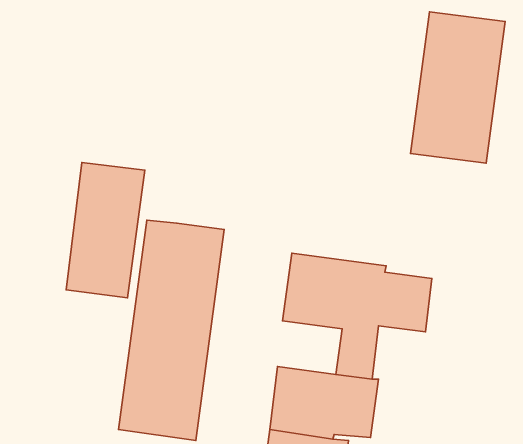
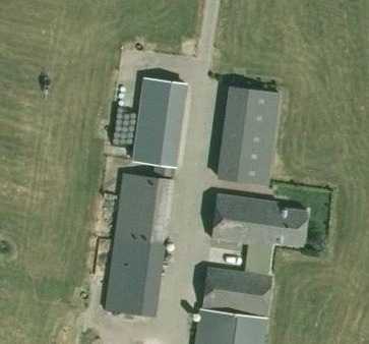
building: [411,12,505,163] -> [219,83,280,181]
building: [66,162,145,298] -> [135,78,186,166]

